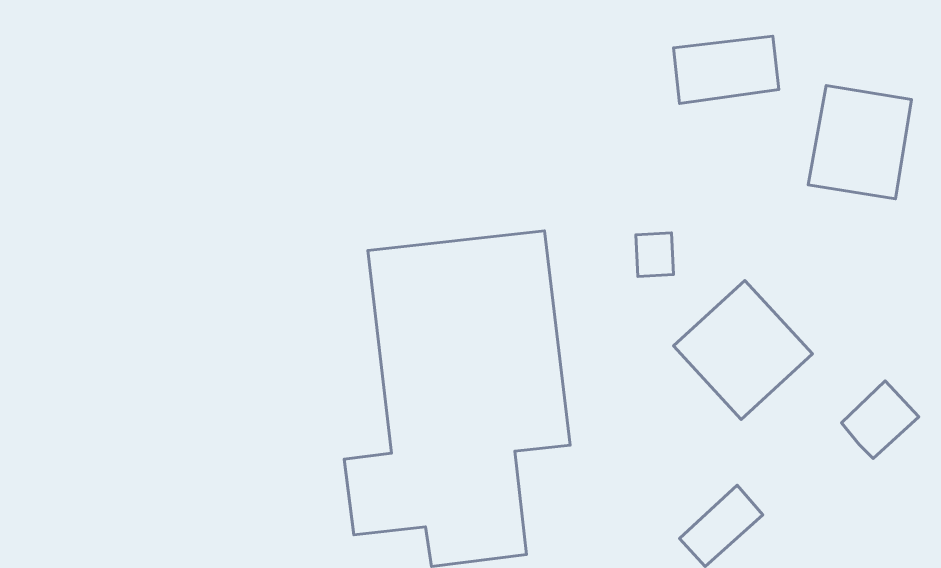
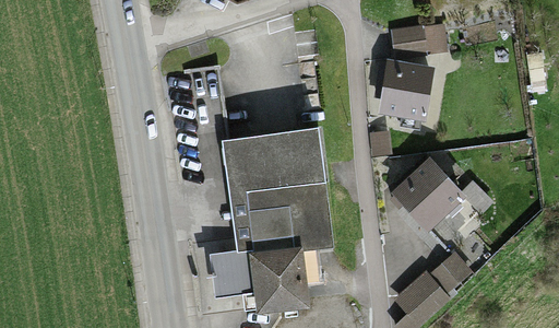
building: [808,86,911,199] -> [378,59,435,121]
building: [841,381,919,458] -> [430,250,473,293]

